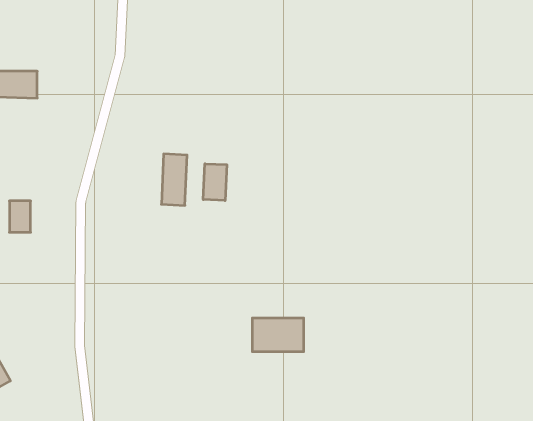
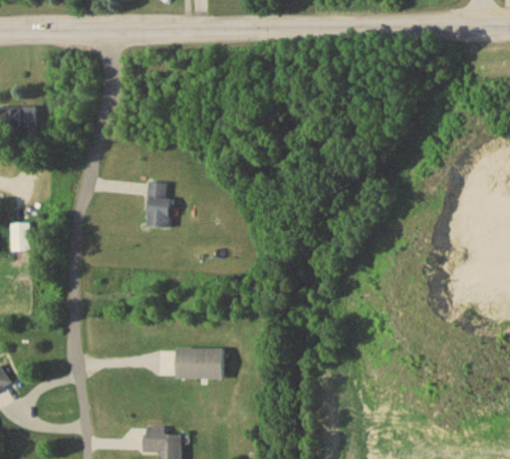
building: [203,164,227,201] -> none
building: [252,318,304,352] -> [176,349,222,379]

